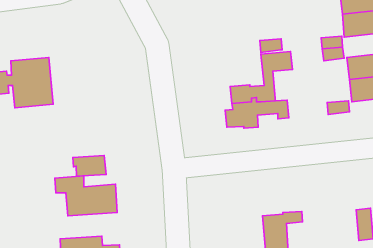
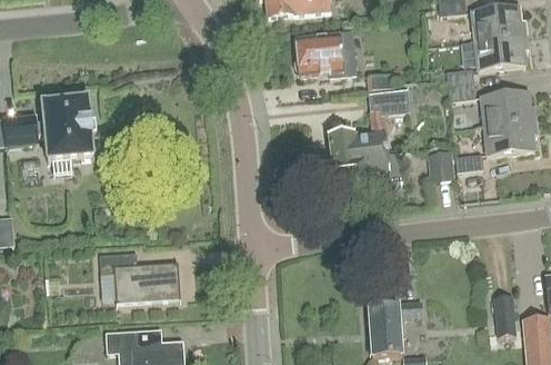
building: none -> [295,32,355,77]
building: none -> [427,149,454,180]
building: [73,155,106,176] -> none

